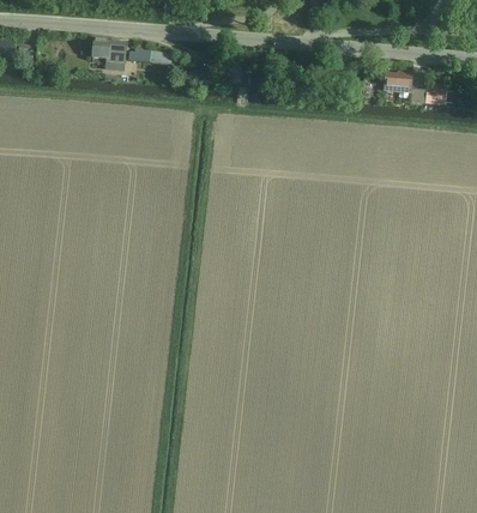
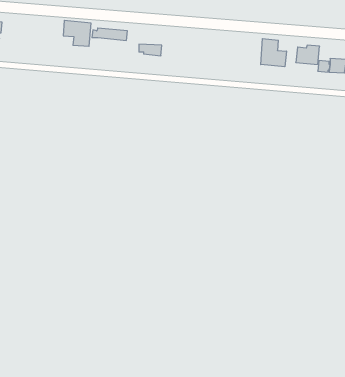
building: none -> [261,39,286,67]

